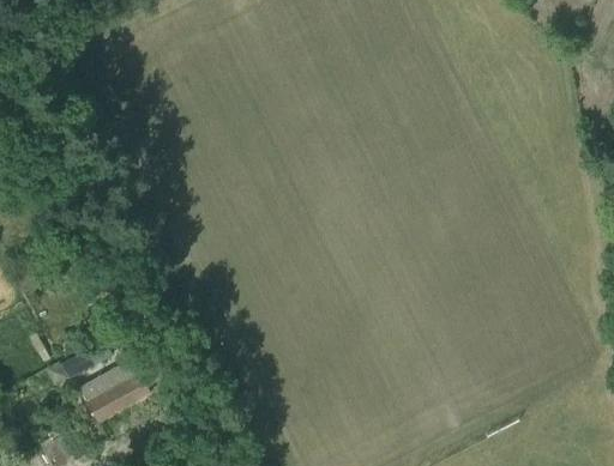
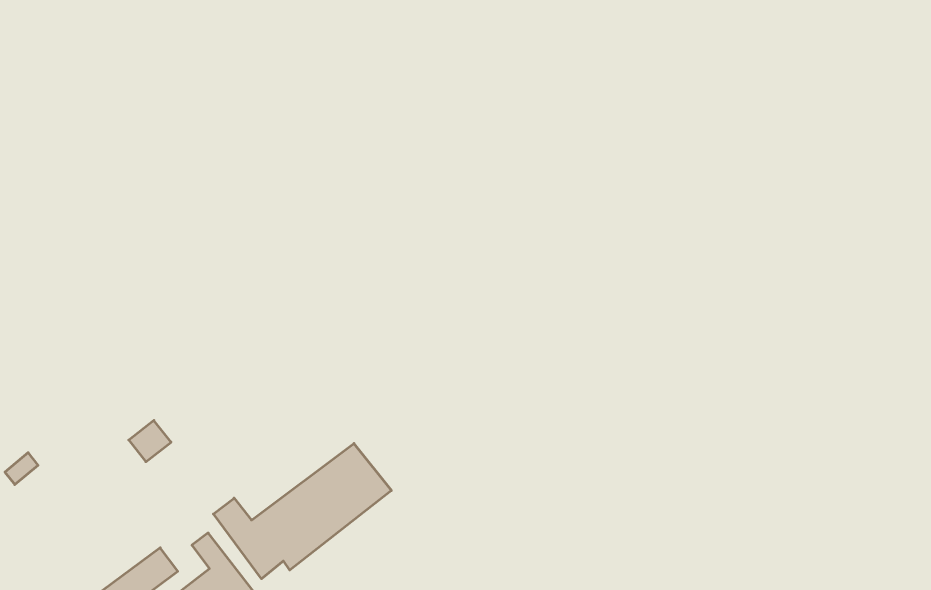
building: none -> [213,443,391,579]

